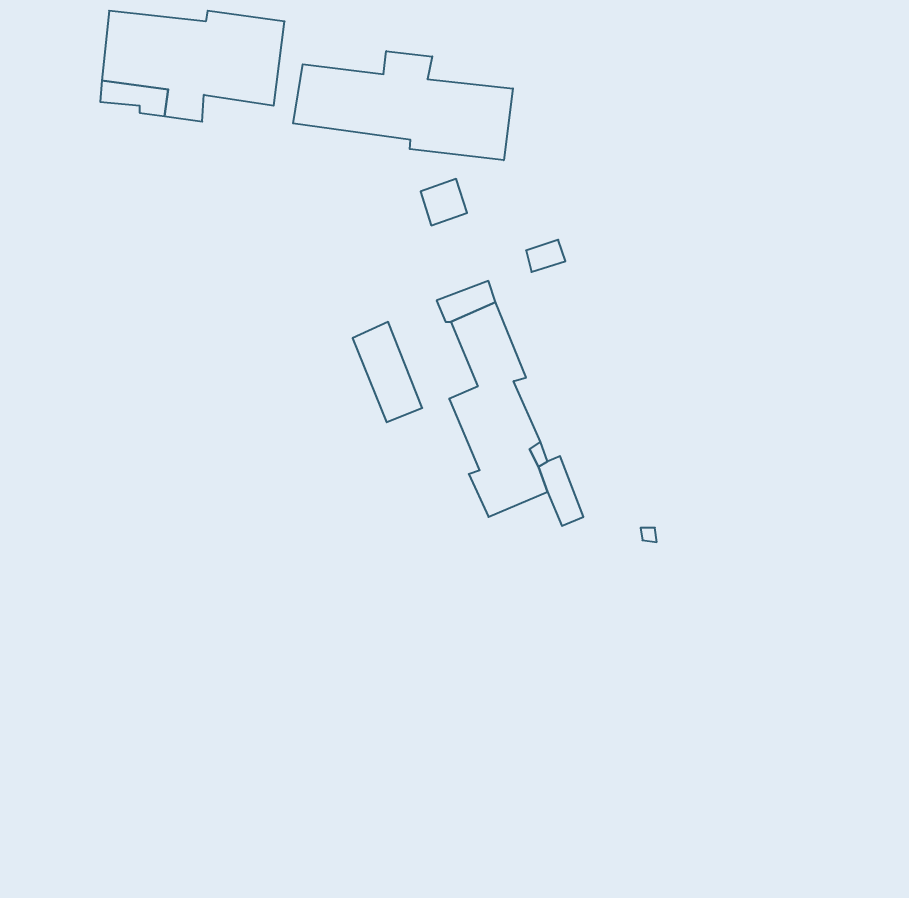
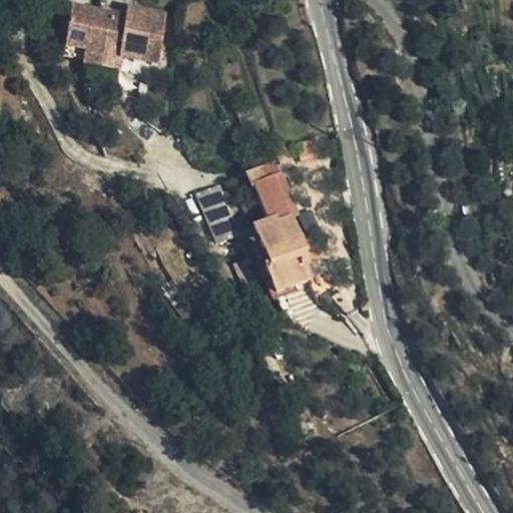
building: [293,51,513,160] -> none

